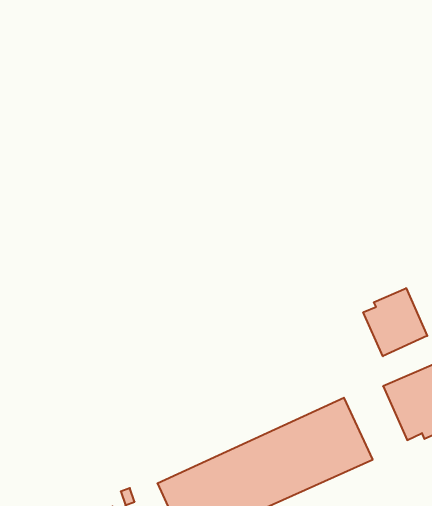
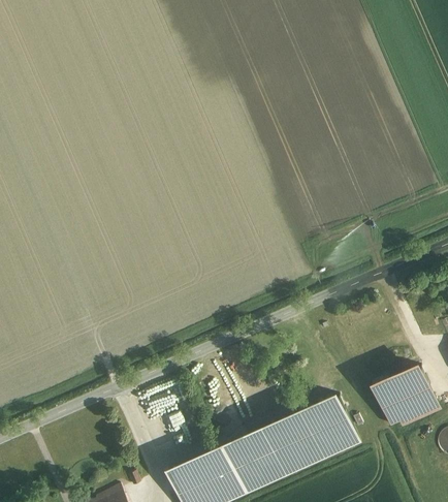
building: [363,288,427,356] -> none

